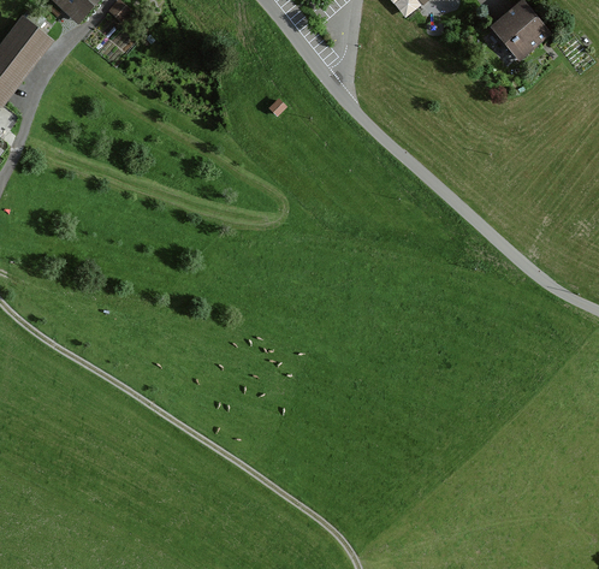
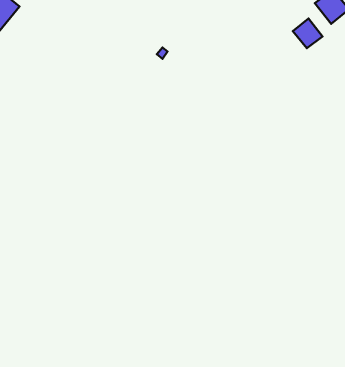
building: none -> [293,19,322,48]

